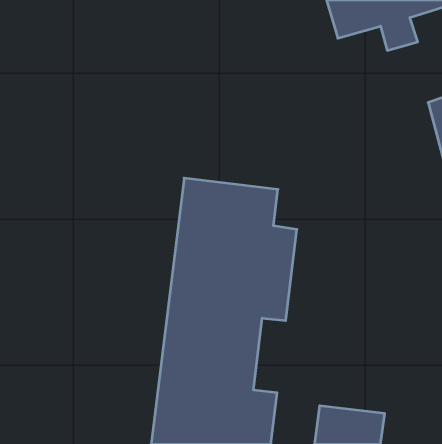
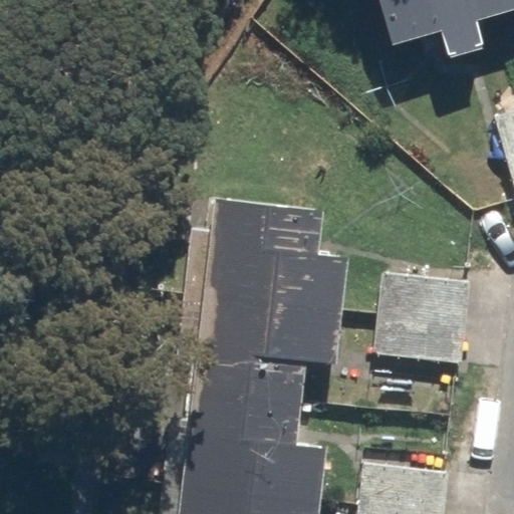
building: none -> [377,276,470,364]

